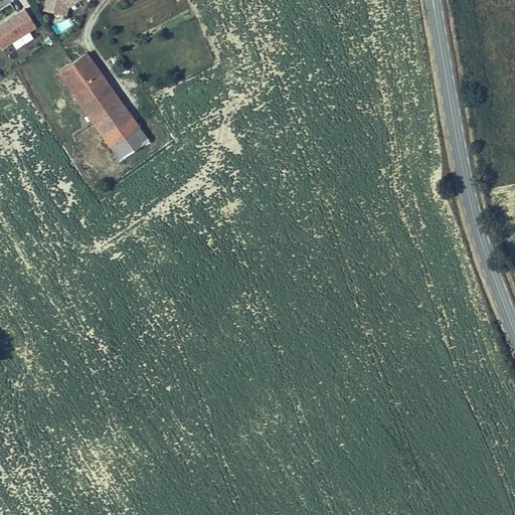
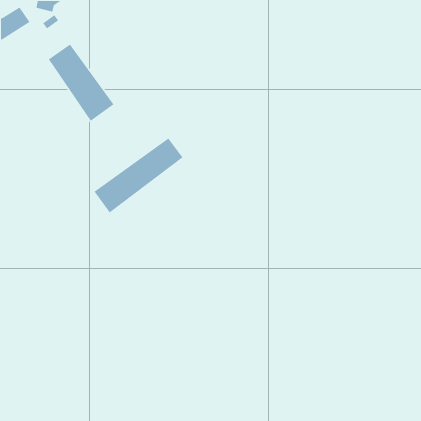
building: [111,128,149,162] -> none
building: none -> [93,138,183,214]

